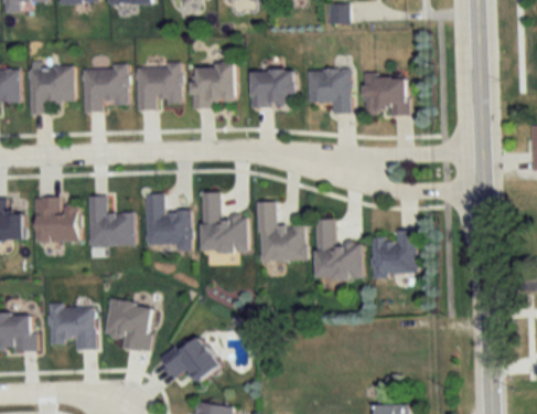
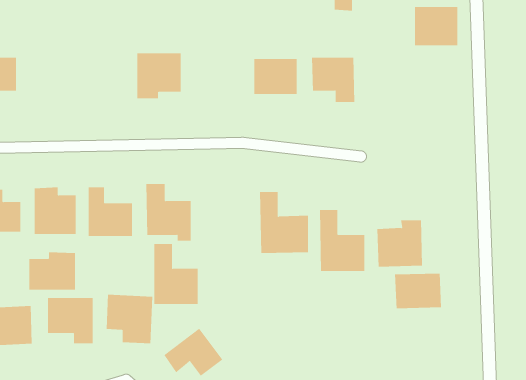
building: [192,65,235,106] -> none
building: [29,66,73,114] -> none
building: [82,66,127,112] -> none
building: [364,76,407,115] -> [414,6,458,46]
building: [201,192,245,252] -> [154,244,199,304]
building: none -> [29,252,76,290]
building: none -> [394,273,442,309]

